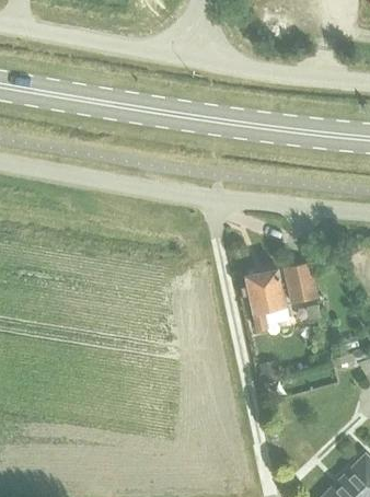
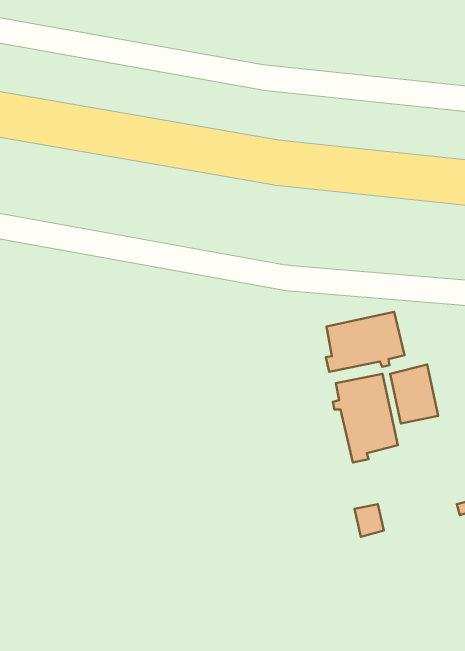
building: none -> [326,312,404,372]

